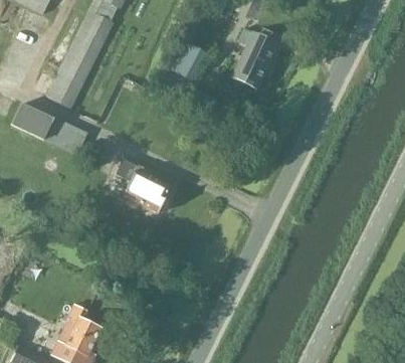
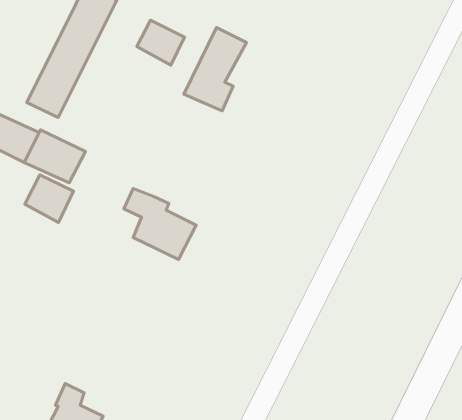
building: [231,27,279,89] -> none
building: none -> [137,20,185,65]
building: none -> [25,175,74,223]

